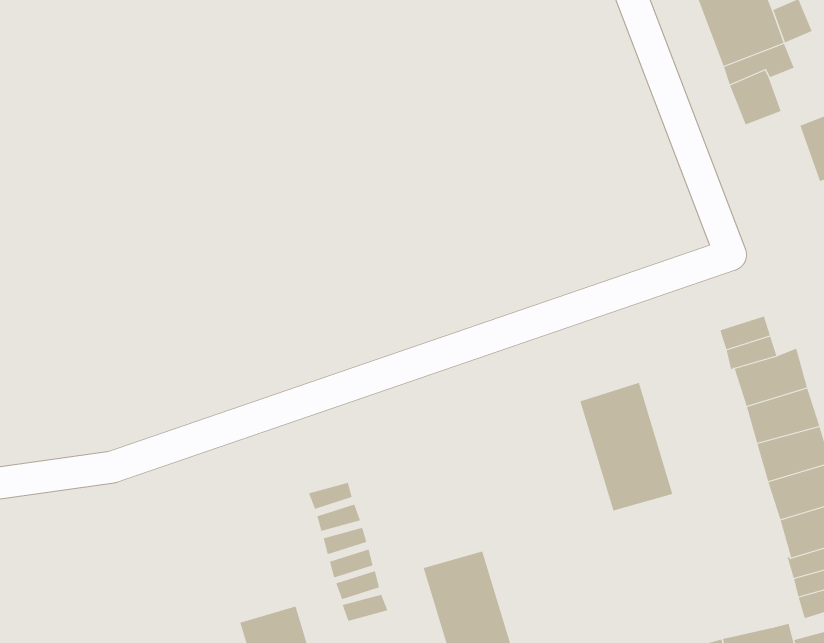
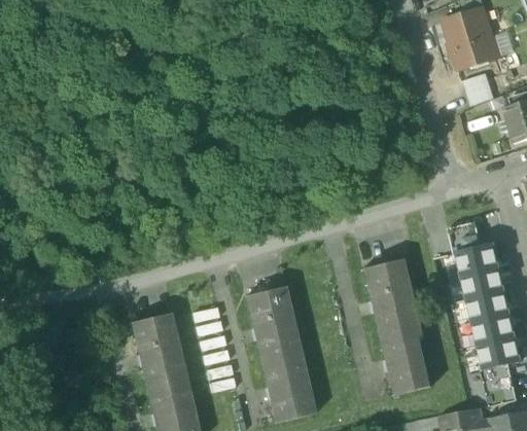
building: none -> [246,285,300,362]
building: none -> [380,326,431,394]
building: none -> [133,313,184,389]

